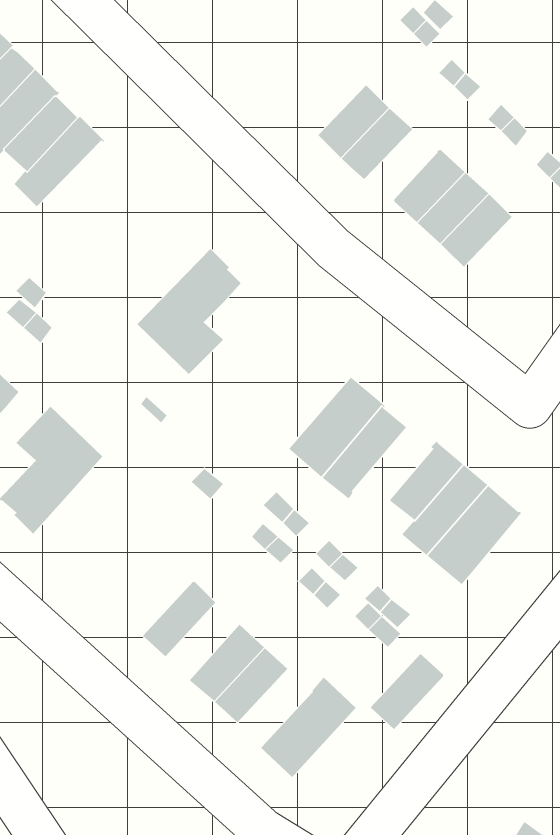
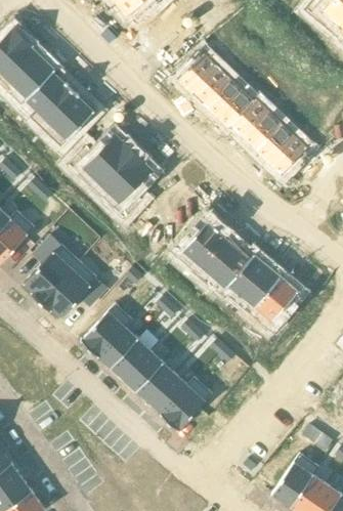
building: none -> [178,52,217,91]
building: none -> [216,88,254,128]
building: none -> [44,94,95,145]
building: none -> [69,134,135,190]
building: none -> [268,134,307,173]
building: none -> [210,245,252,290]
building: none -> [42,260,108,317]
building: none -> [81,302,133,355]
building: none -> [112,337,151,378]
building: [370,653,444,731] -> [149,372,188,413]

